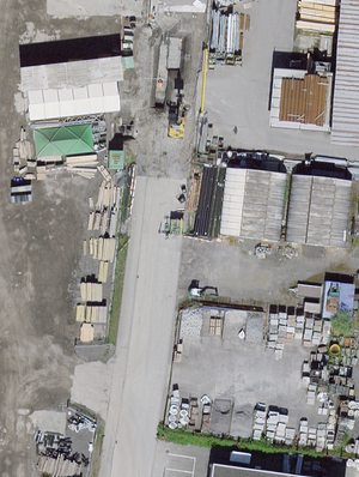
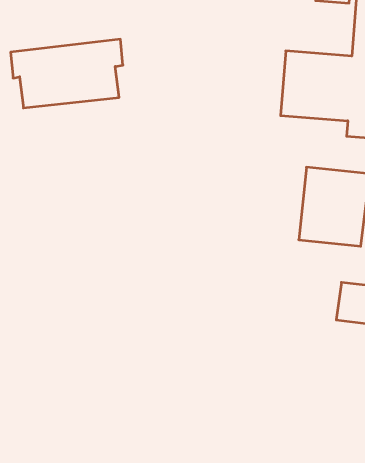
building: [221,165,286,240] -> none

